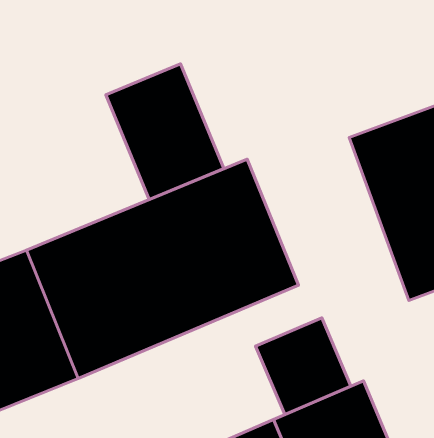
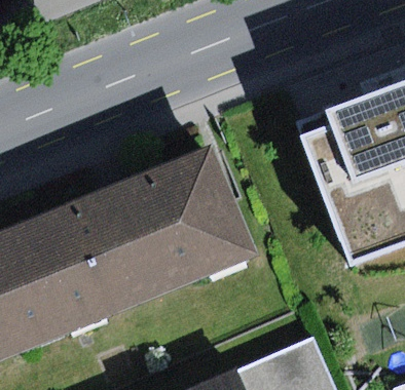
building: [106,64,224,200] -> none
building: [256,318,351,415] -> none

